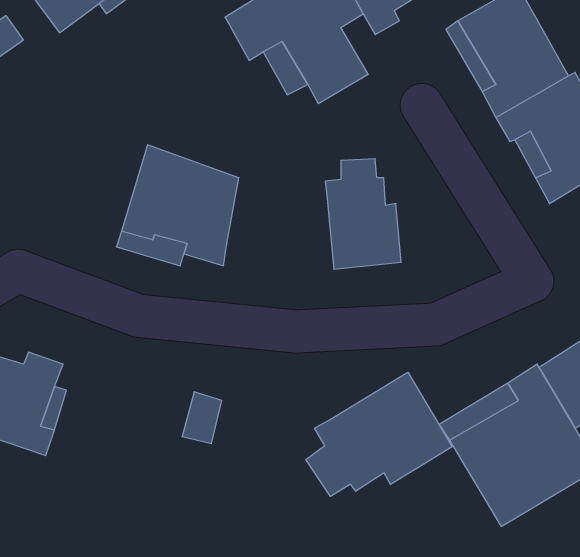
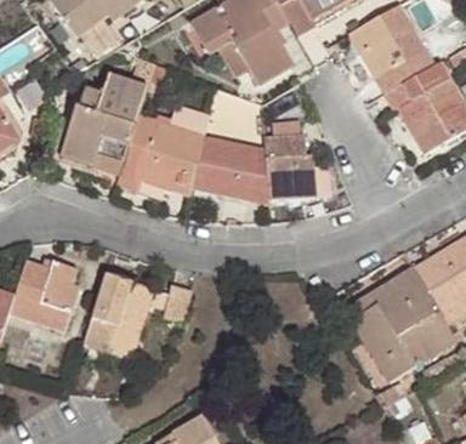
building: none -> [61,74,147,165]
building: none -> [194,136,269,206]
building: [306,372,452,496] -> none
building: none -> [84,274,153,359]

